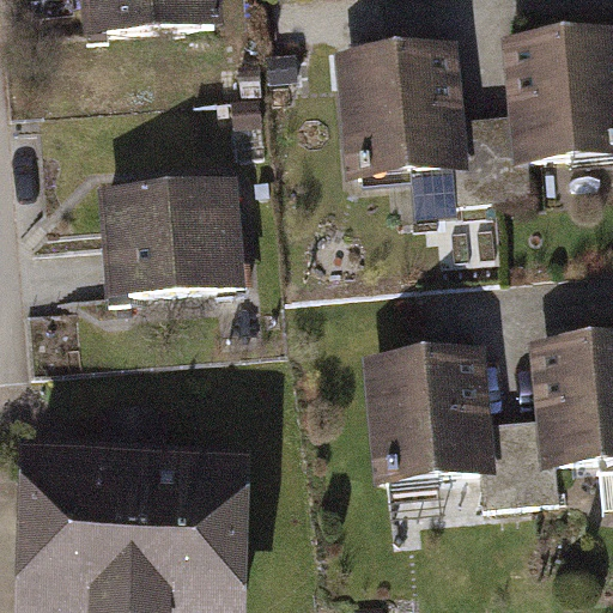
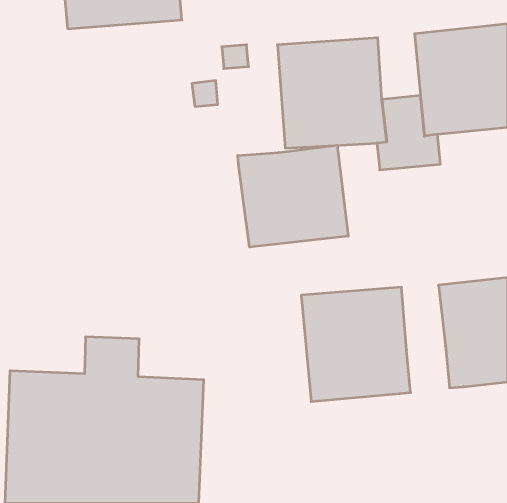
building: none -> [238,145,348,247]
building: [98,178,247,301] -> none
building: [482,417,562,509] -> none

